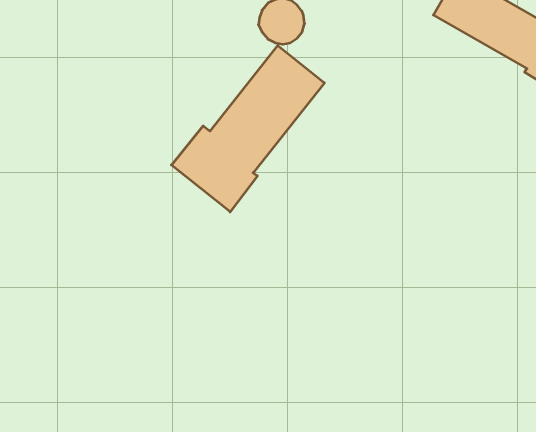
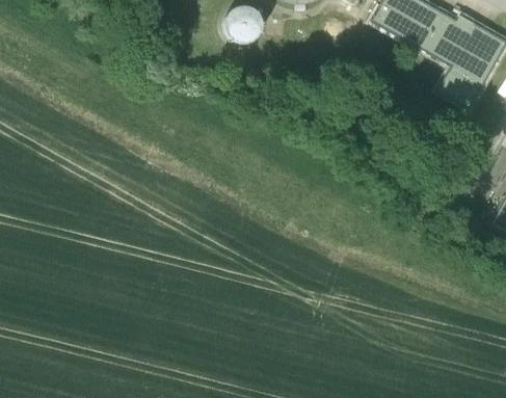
building: [171,46,324,212] -> none

